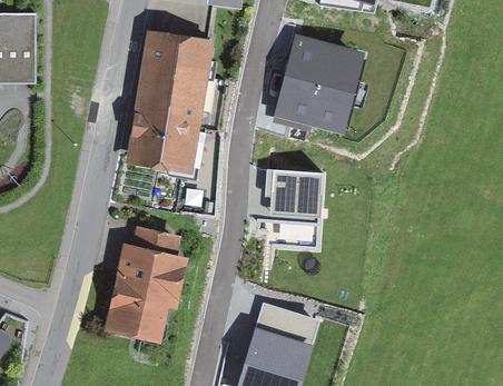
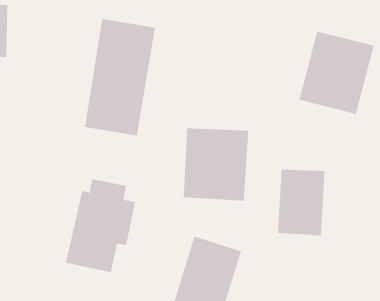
building: [272,32,365,135] -> [298,31,375,114]
building: none -> [277,169,325,236]

